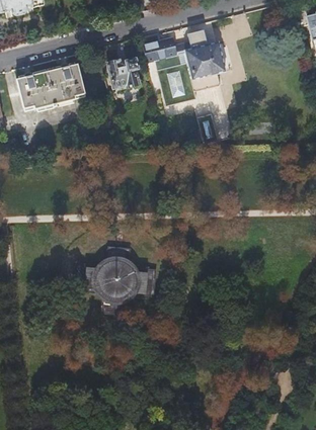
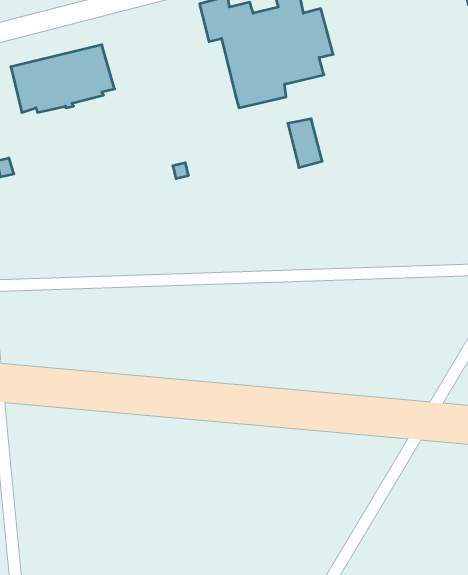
building: [107,58,141,88] -> none
building: [88,250,145,306] -> none

